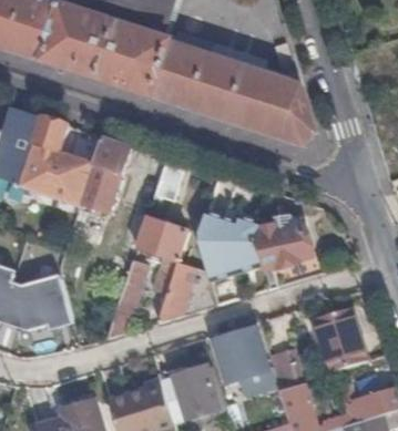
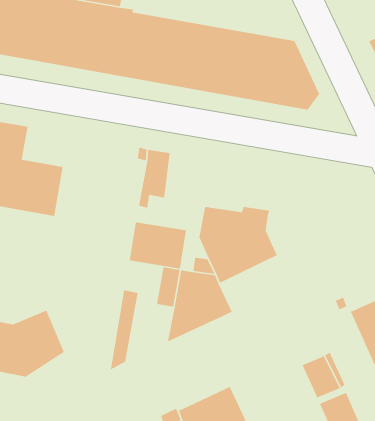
building: [68,134,131,245] -> none
building: [254,224,319,287] -> none
building: [214,327,266,380] -> none

